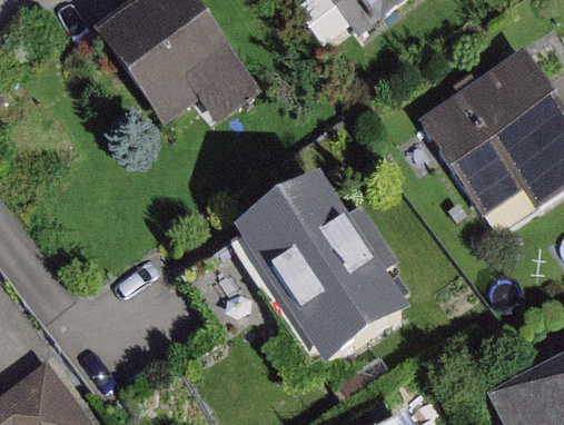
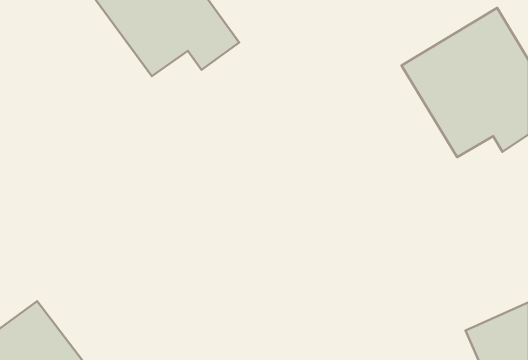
building: [249,180,417,368] -> none

